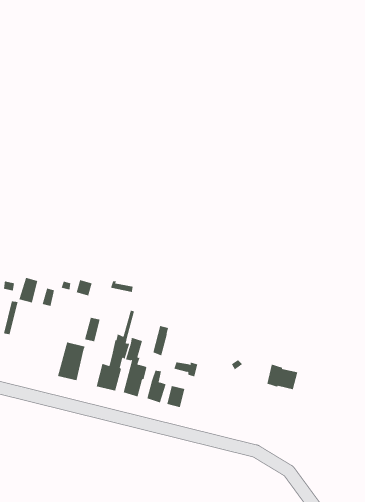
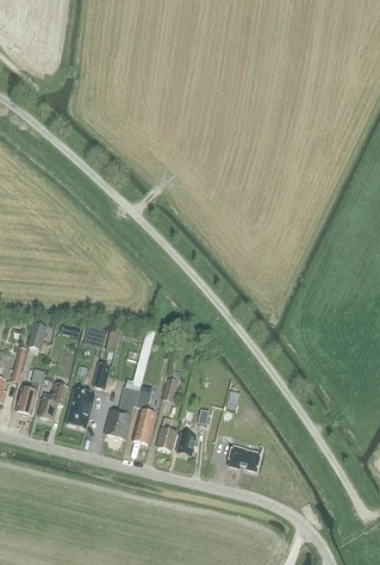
building: none -> [15,368,44,415]
building: none -> [38,383,68,420]
building: [266,364,298,390] -> [228,445,260,471]

